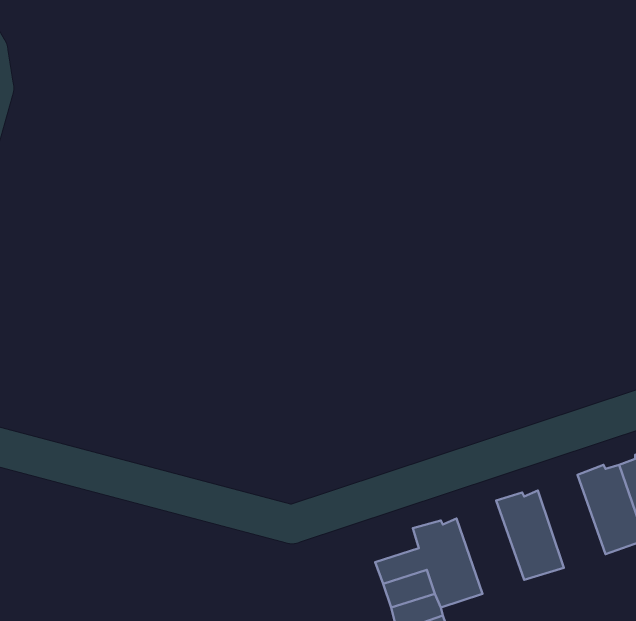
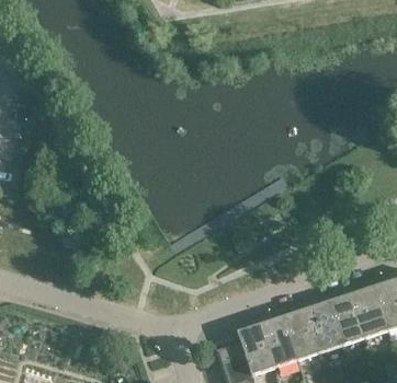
building: none -> [304,301,341,352]
building: none -> [259,315,296,367]

